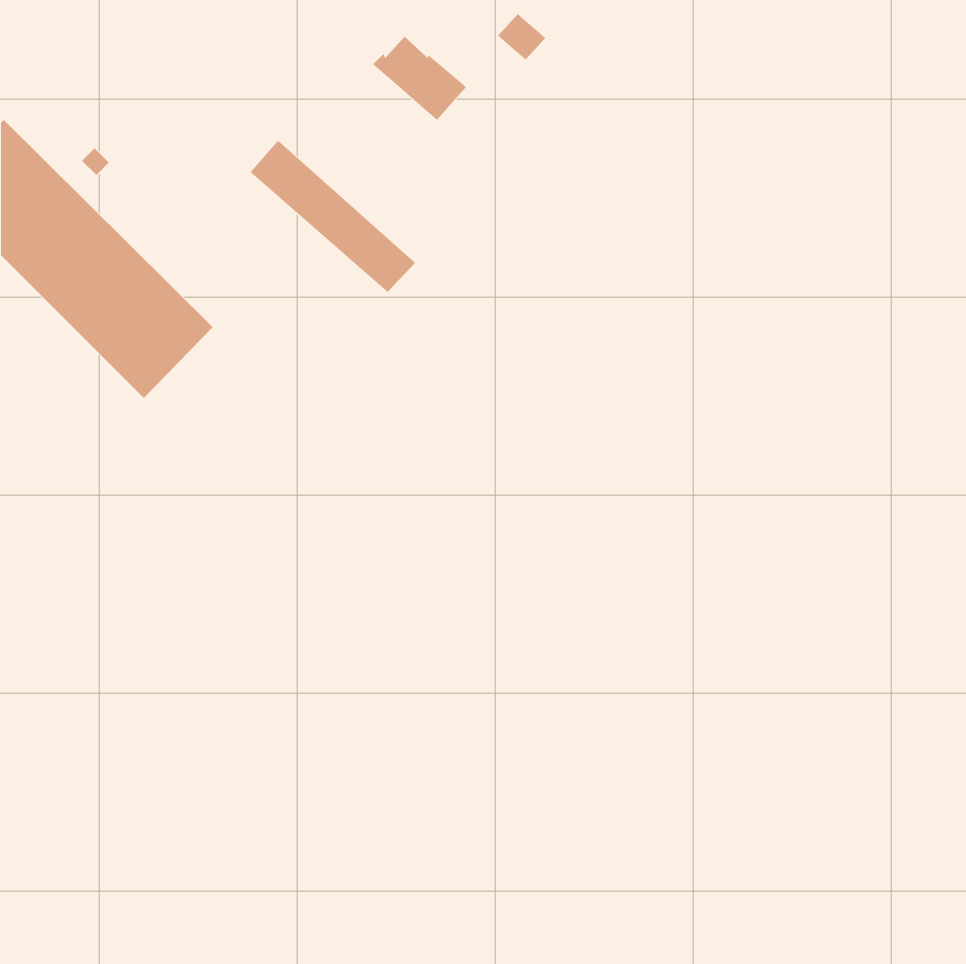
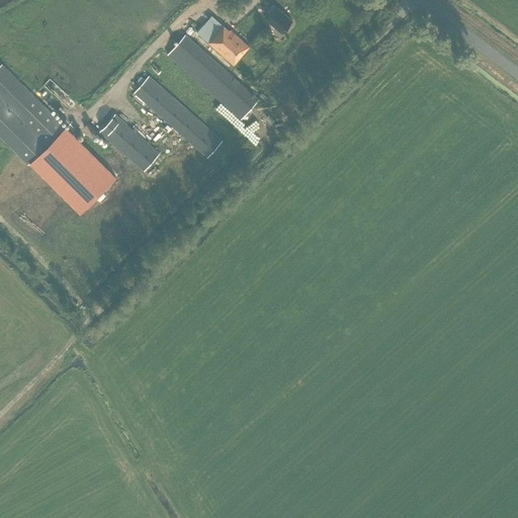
building: none -> [167,35,259,127]
building: none -> [99,114,160,172]

